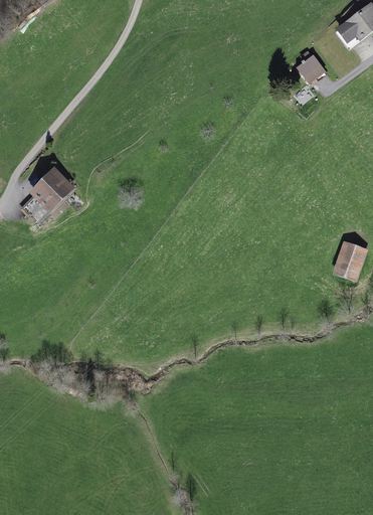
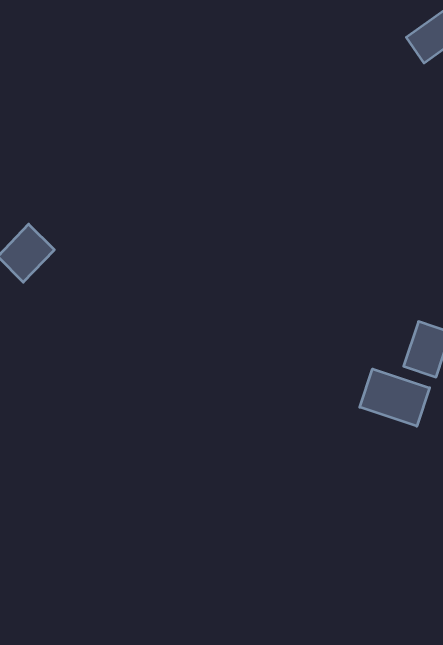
building: [297,52,324,81] -> none
building: none -> [360,369,430,426]

